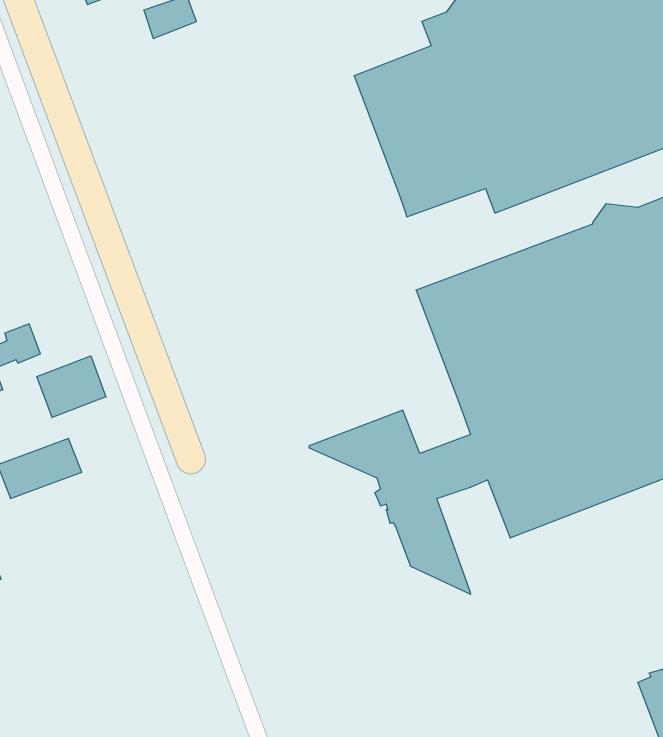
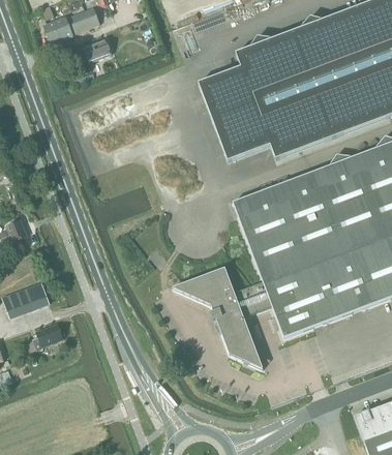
building: [37,356,106,418] -> none
building: none -> [32,324,62,350]

